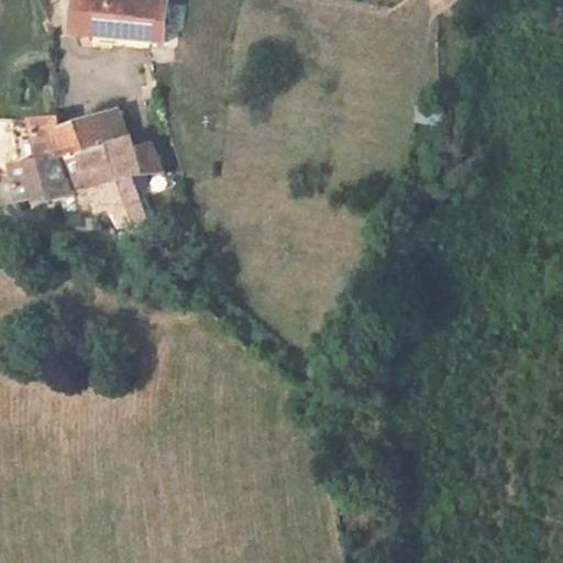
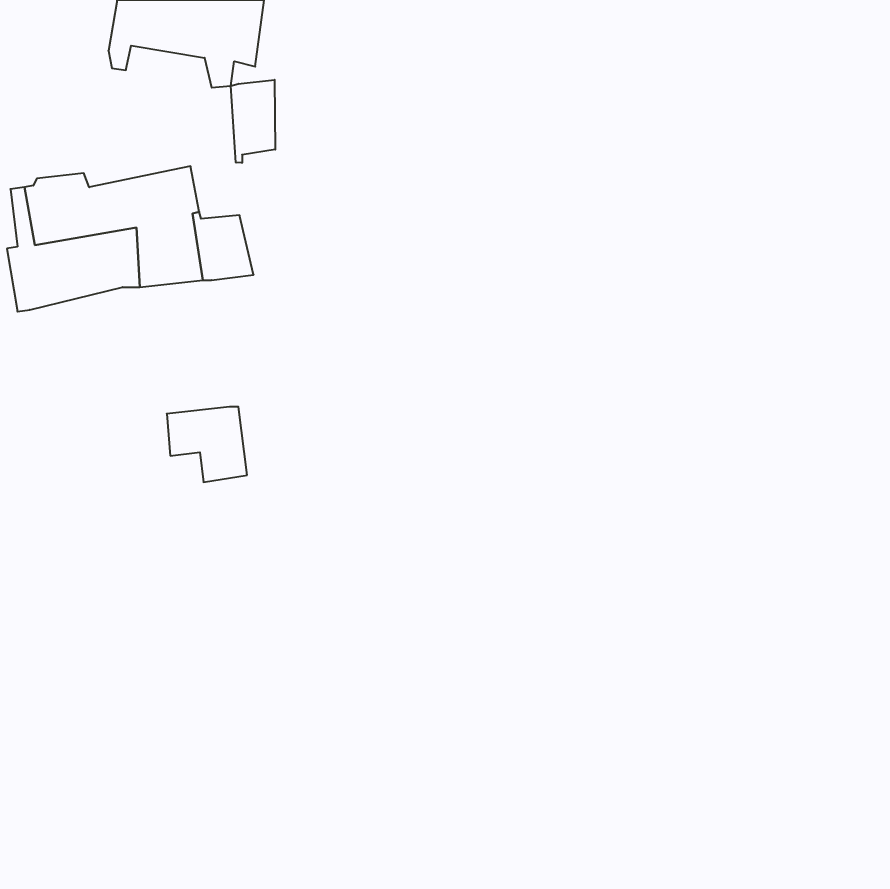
building: none -> [231,80,275,163]
building: [90,179,141,227] -> [167,407,247,482]

